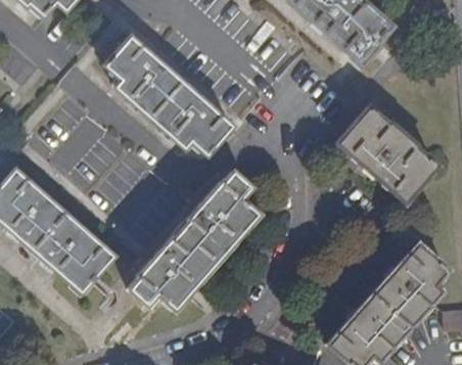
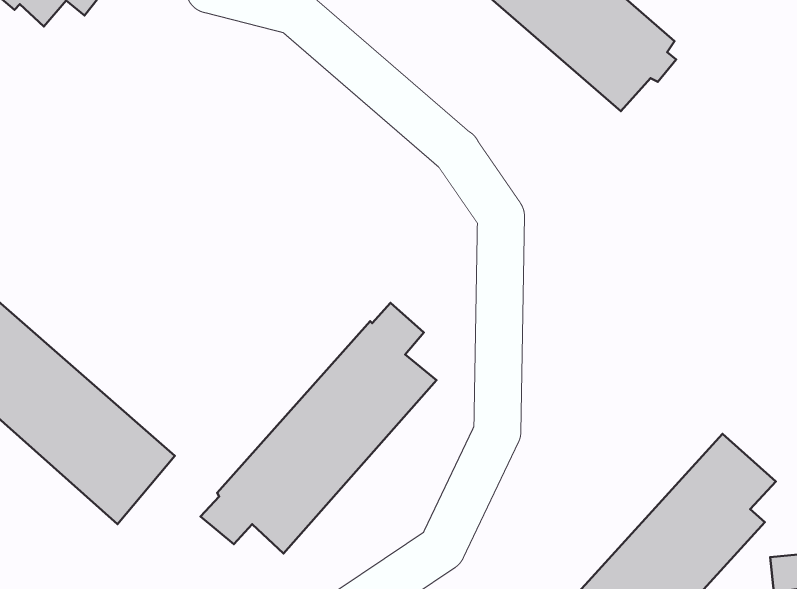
building: [106,37,234,156] -> none
building: [336,105,437,201] -> none

